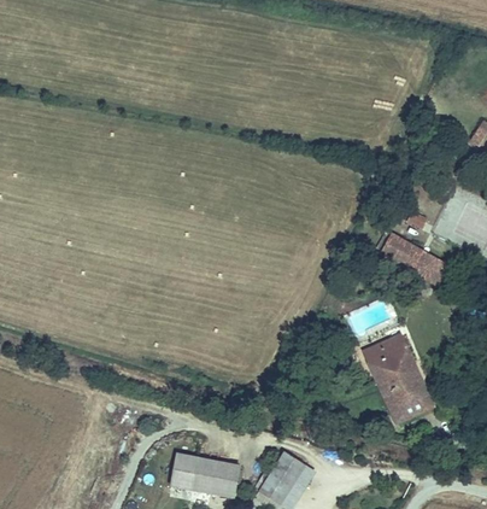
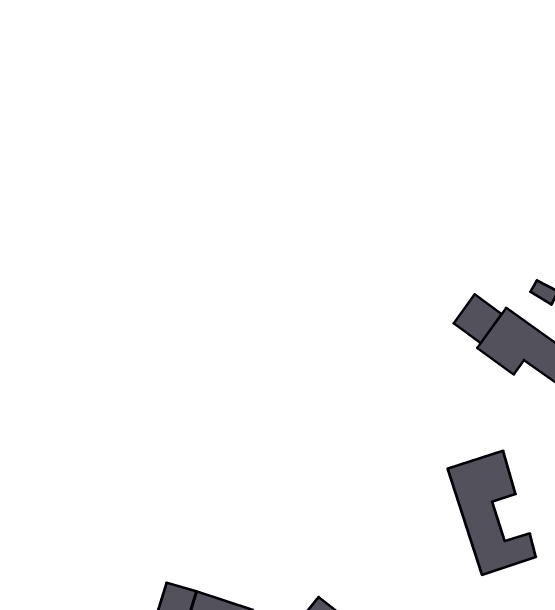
building: none -> [454,294,501,343]
building: [398,363,427,397] -> none

